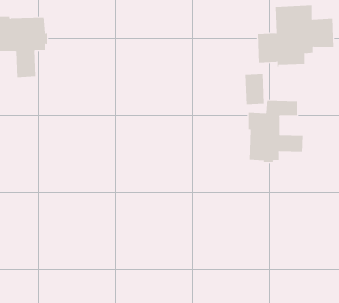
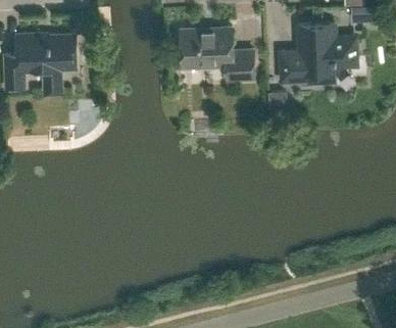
building: none -> [180,28,254,80]
building: [248,100,303,163] -> none

